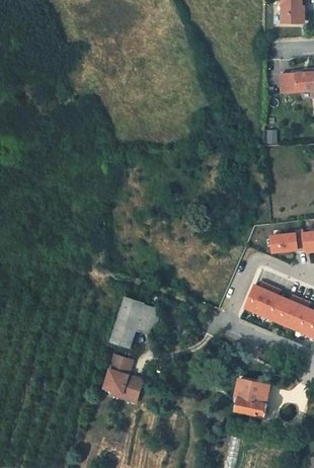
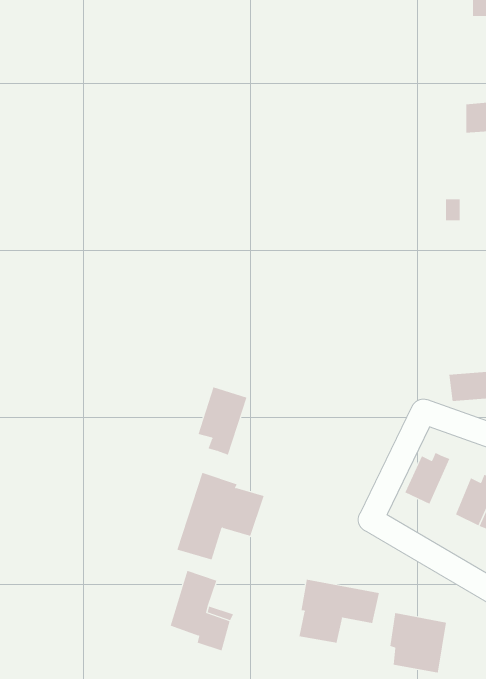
building: none -> [198,387,247,455]
building: [259,288,284,321] -> none
building: none -> [299,579,380,644]

